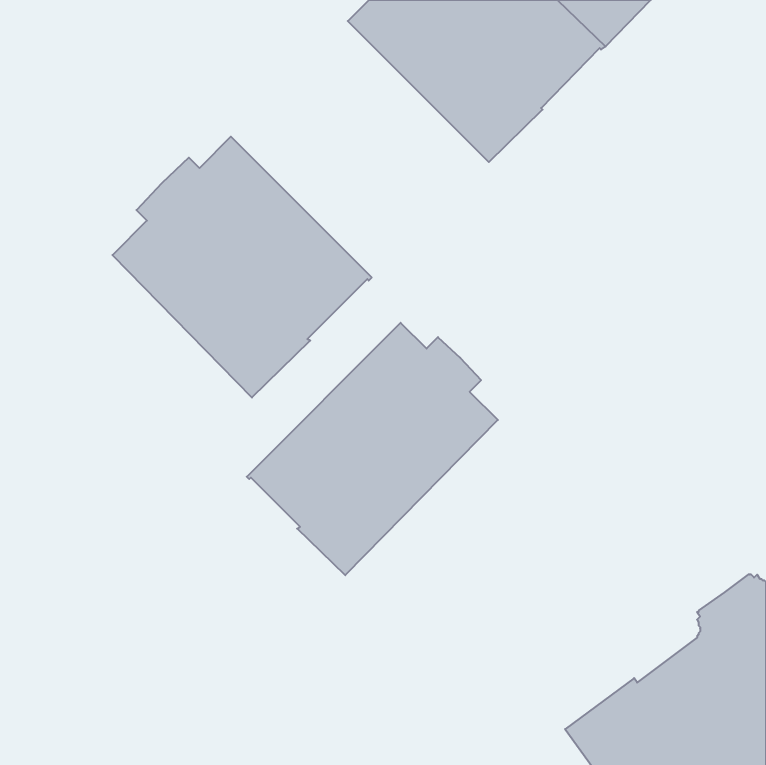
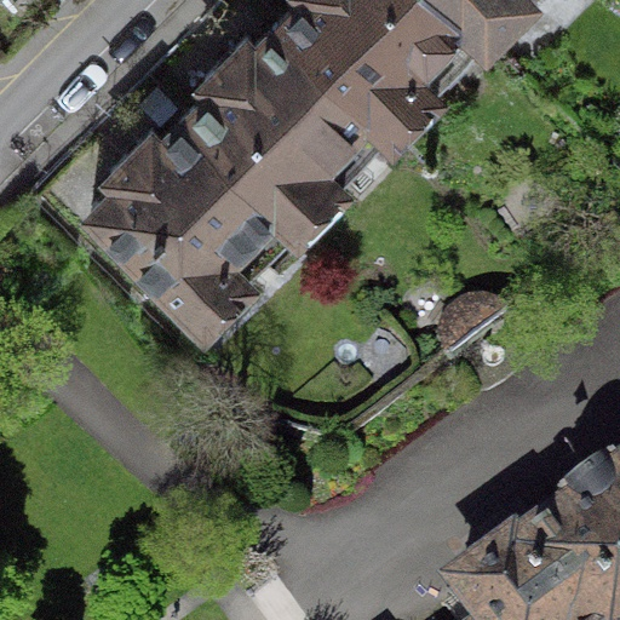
building: none -> [186,18,395,225]
building: [247,323,498,575] -> none

